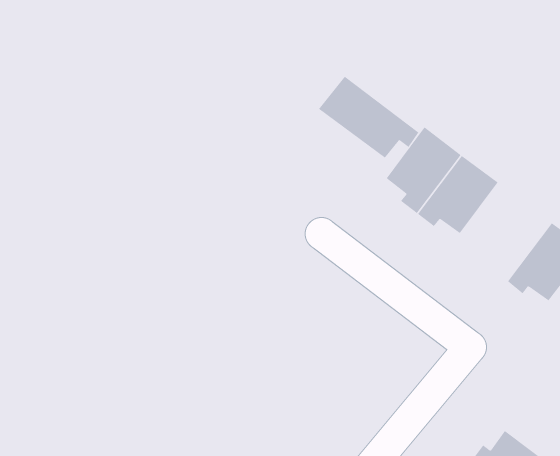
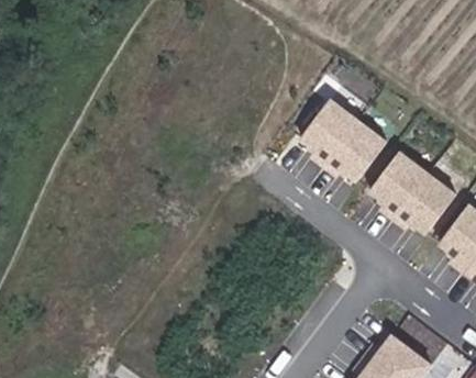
building: [318,76,419,159] -> none
building: none -> [369,151,429,218]

